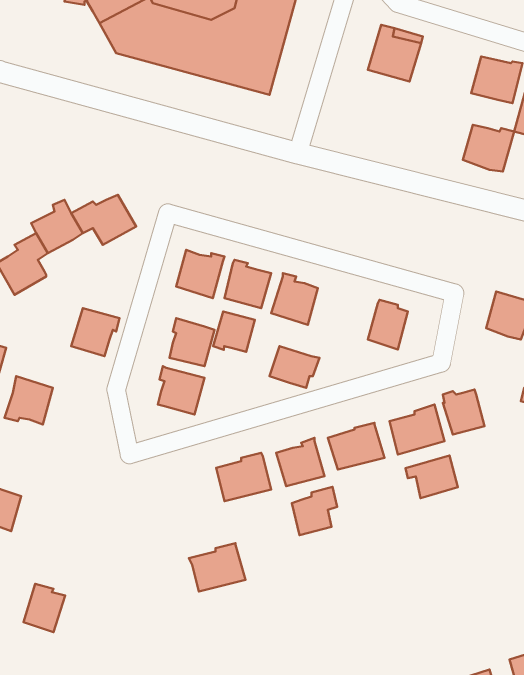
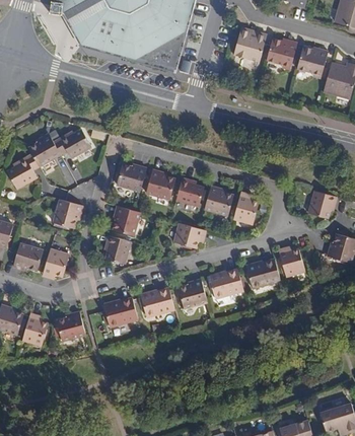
building: [463,125,514,171] -> [266,38,297,66]
building: none -> [204,186,233,215]
building: [213,311,255,352] -> none
building: none -> [43,247,69,276]
building: [406,456,458,498] -> none
building: [292,487,337,535] -> none
building: none -> [56,311,85,341]
building: [189,543,246,592] -> [103,297,138,326]
building: [23,584,65,632] -> [22,315,48,345]

